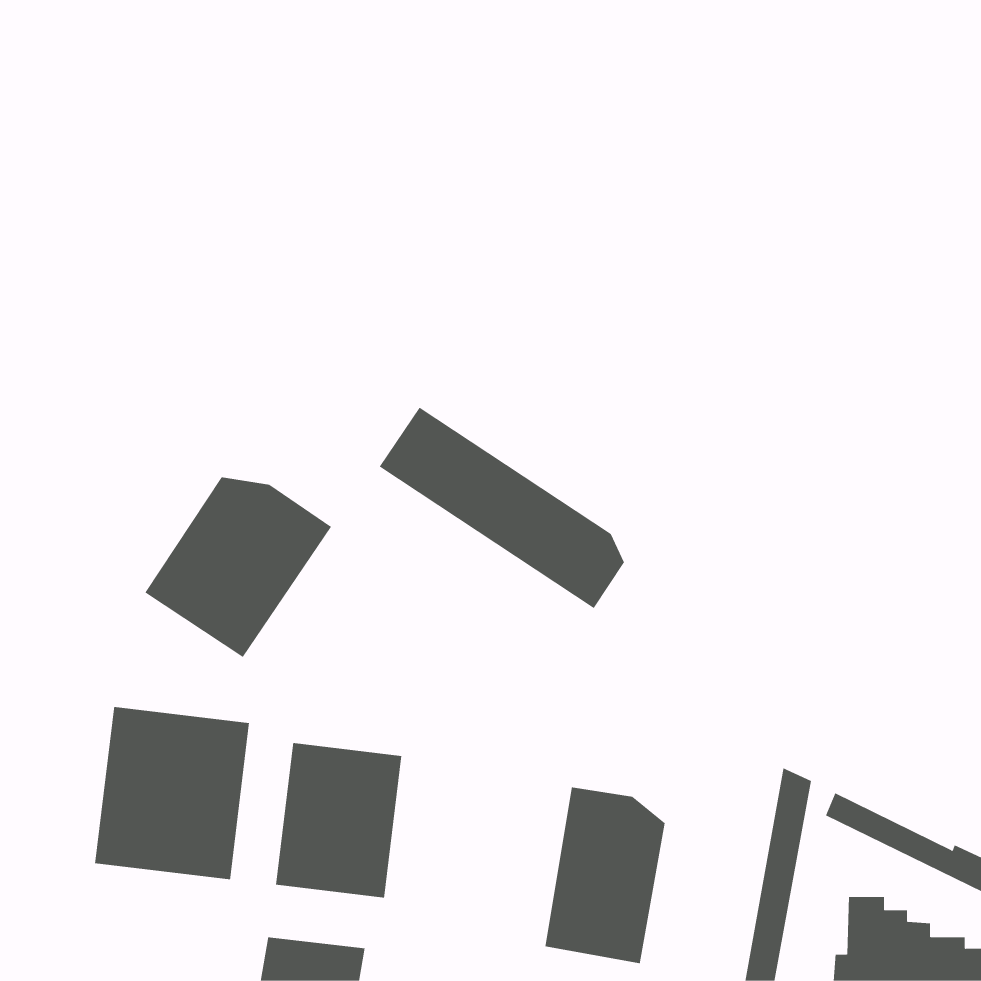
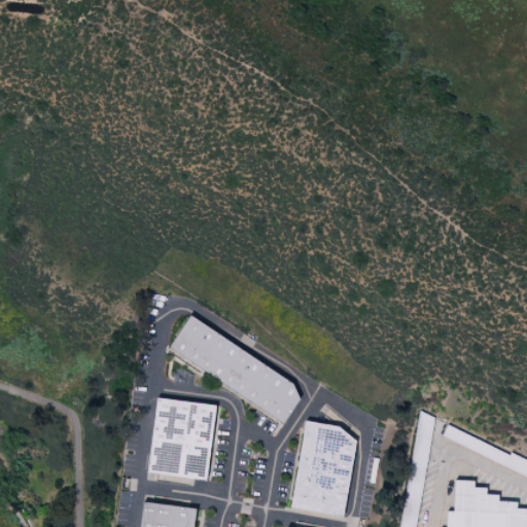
building: [379,407,625,609] -> [169,315,301,423]
building: [145,477,332,658] -> none
building: [94,706,250,880] -> none

